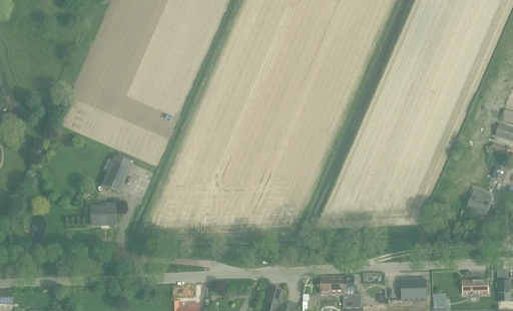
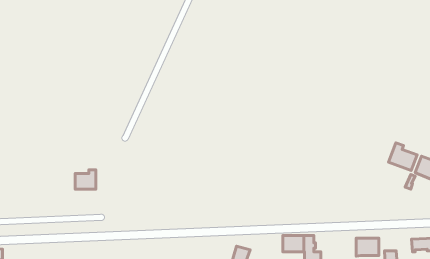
building: [101,154,131,192] -> none
building: none -> [389,143,417,171]

